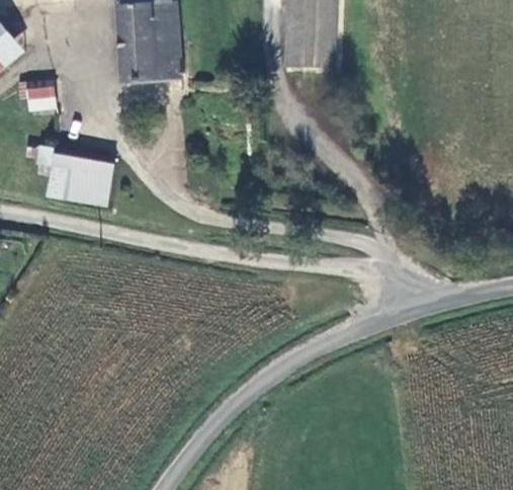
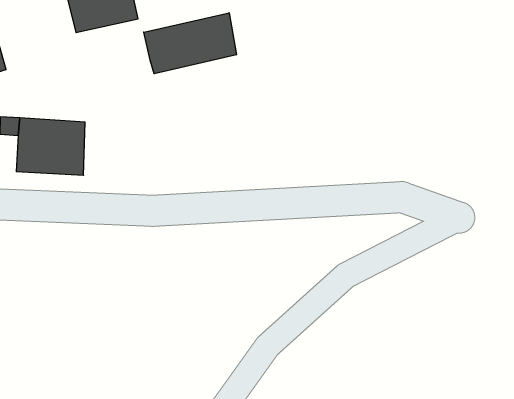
building: none -> [144,13,237,74]

